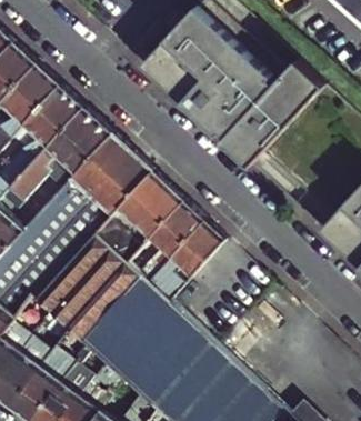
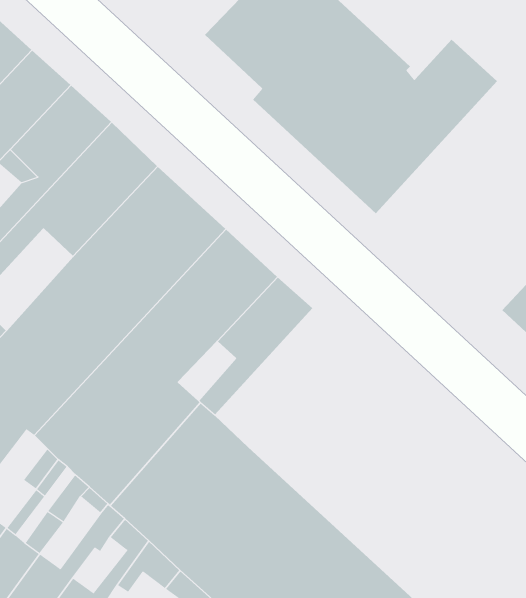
building: [146,220,225,303] -> none

